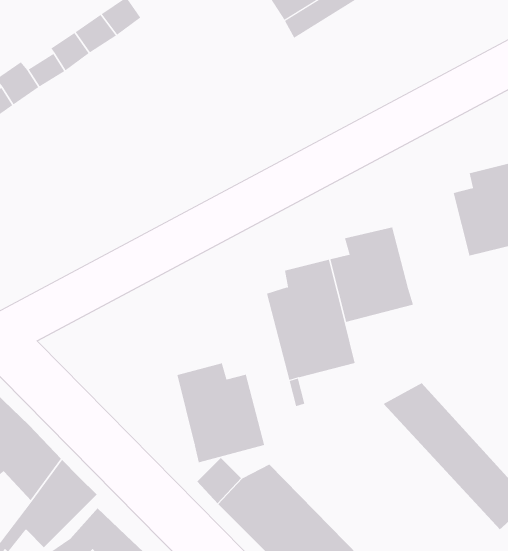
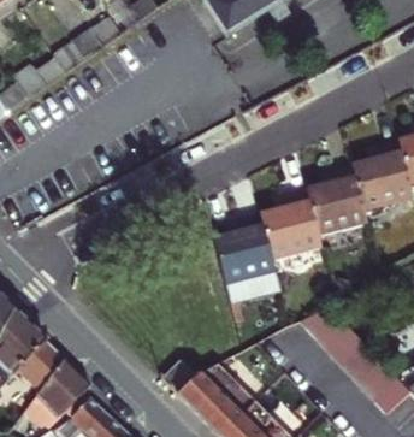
building: none -> [308,163,368,234]
building: [177,363,265,463] -> none

